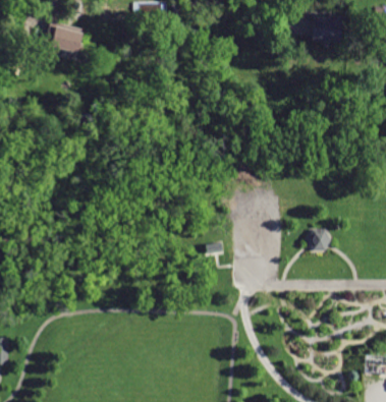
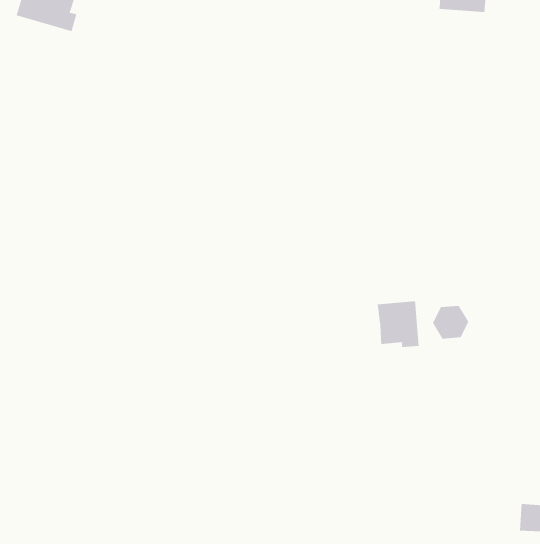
building: none -> [377,300,419,348]

